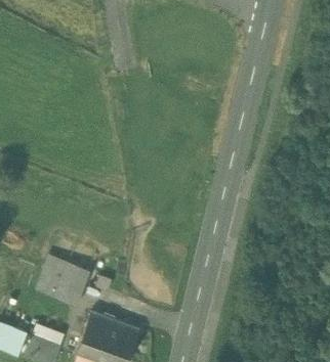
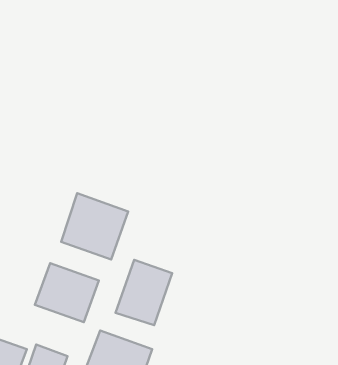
building: none -> [61,193,128,259]
building: none -> [116,260,172,325]

